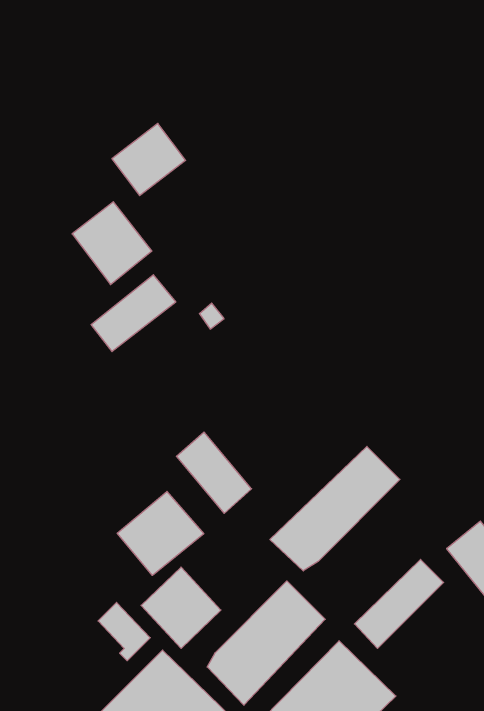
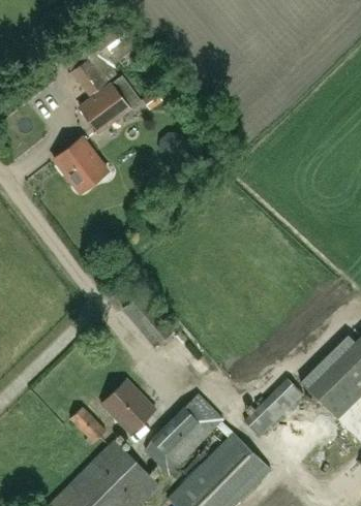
building: none -> [65,44,108,96]
building: [91,275,176,352] -> none
building: [270,446,400,571] -> none
building: [117,491,204,575] -> none

